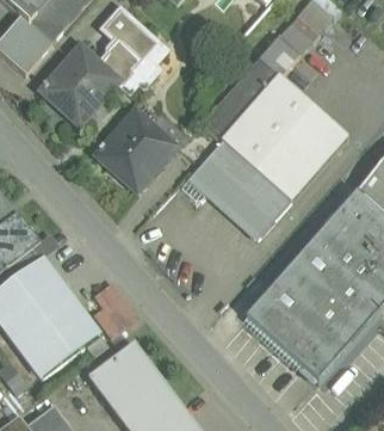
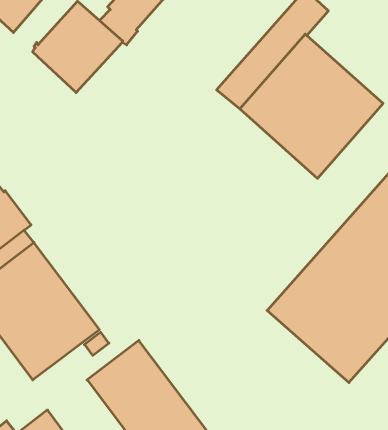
building: [97,110,176,190] -> none
building: [181,140,291,238] -> none

